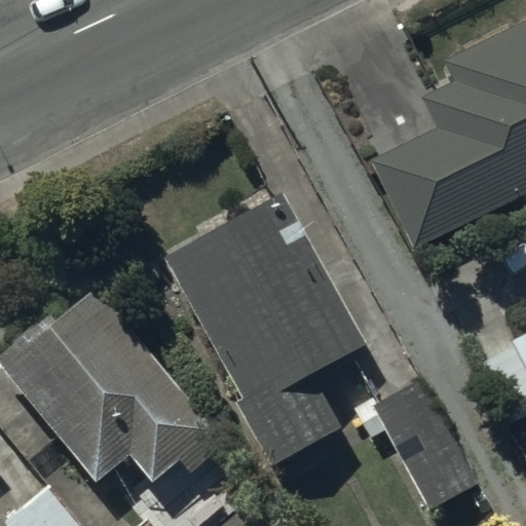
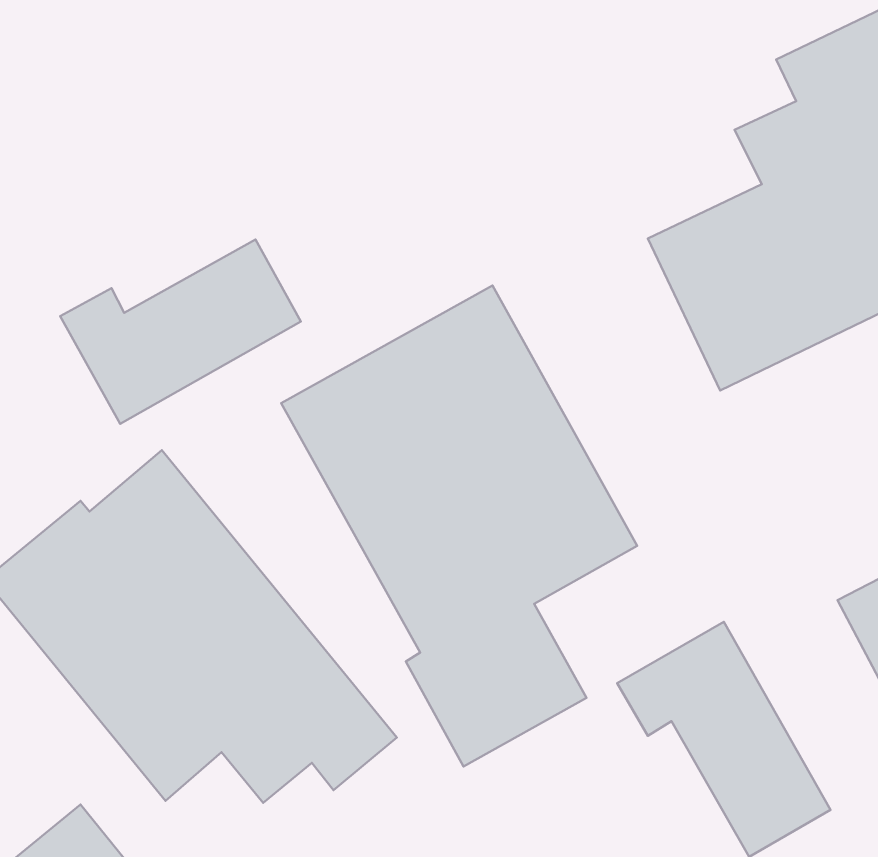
building: none -> [60,239,301,424]

